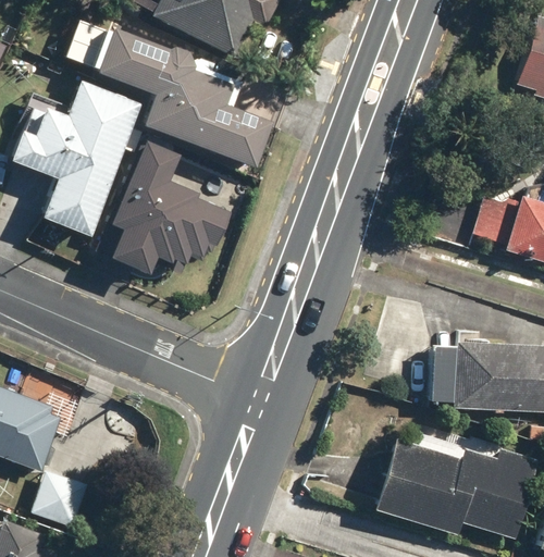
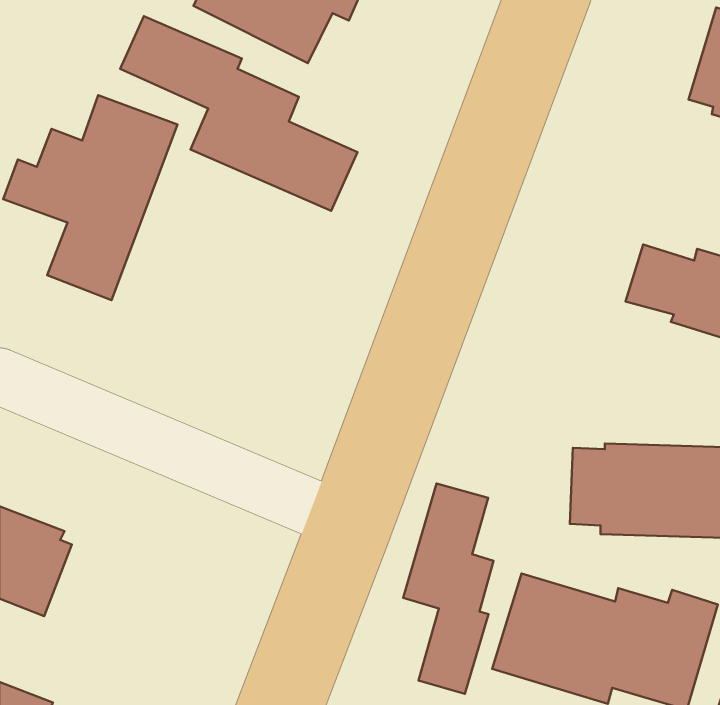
building: [118,143,244,275] -> none
building: none -> [403,483,494,694]
building: [30,468,88,525] -> none

